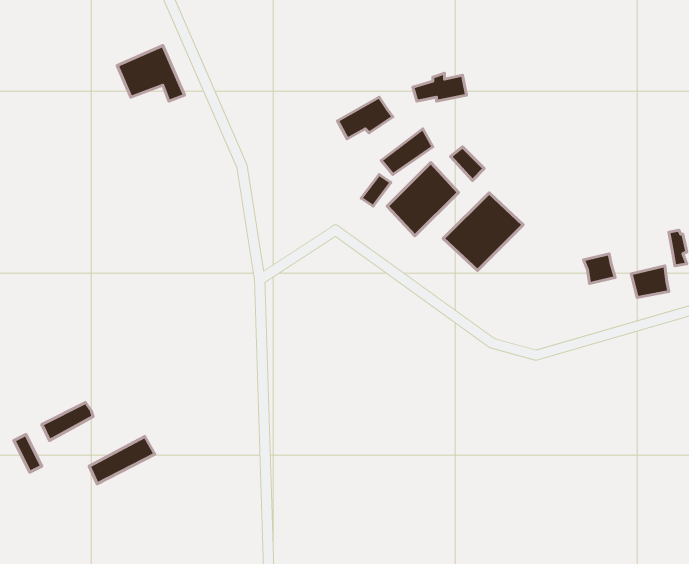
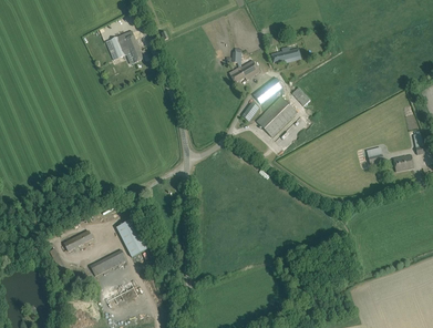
building: [443,193,523,271] -> none
building: none -> [116,219,148,257]

